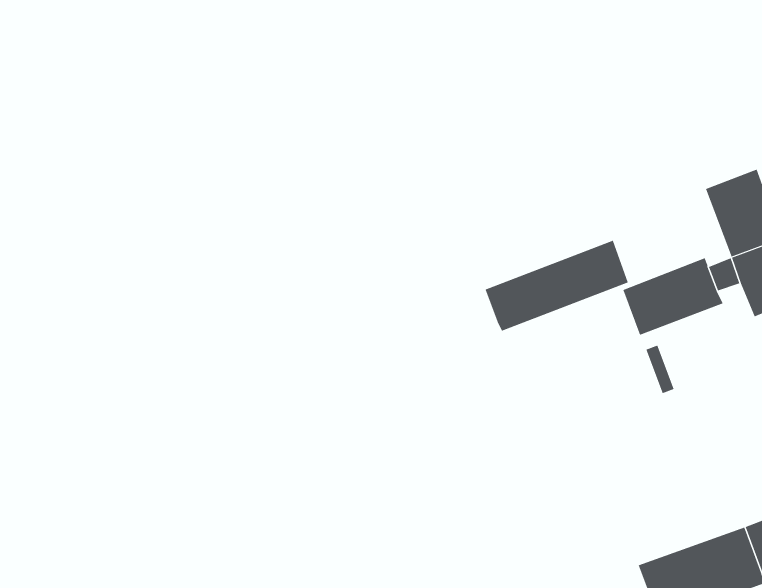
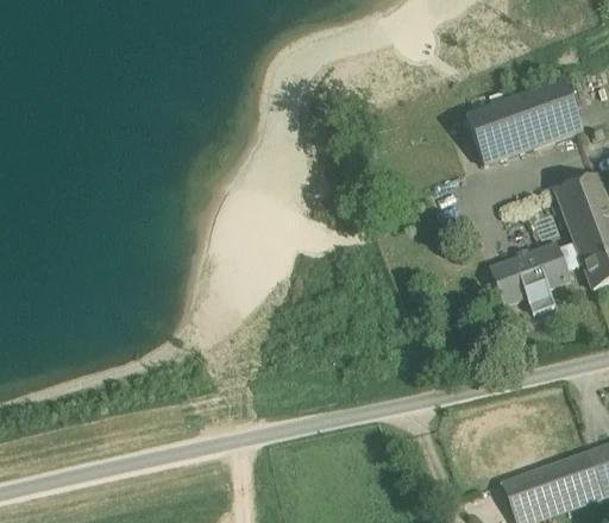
building: none -> [466,81,582,165]
building: [485,240,629,331] -> none

